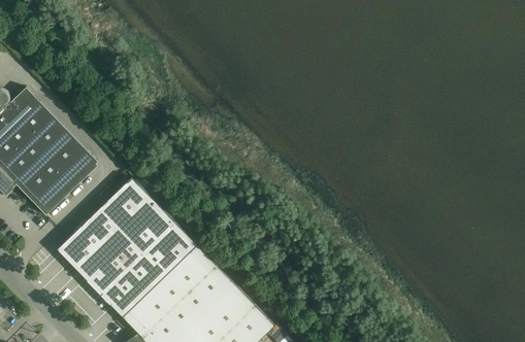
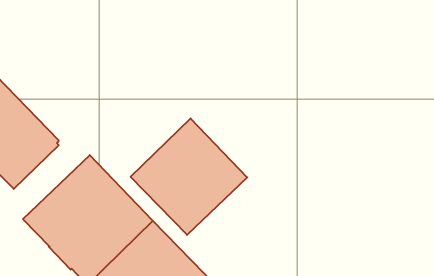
building: none -> [131,118,247,235]

